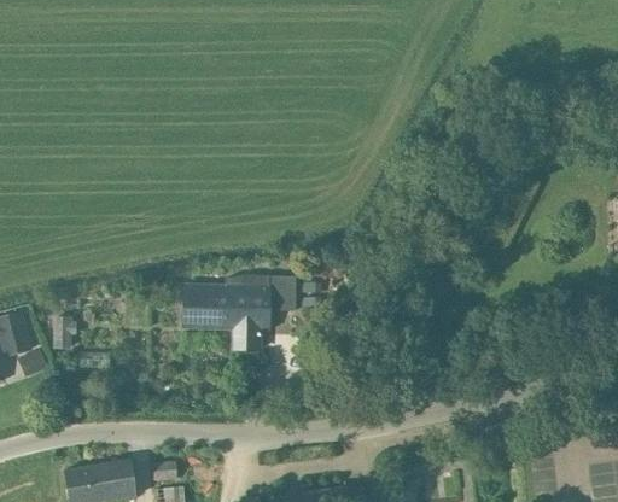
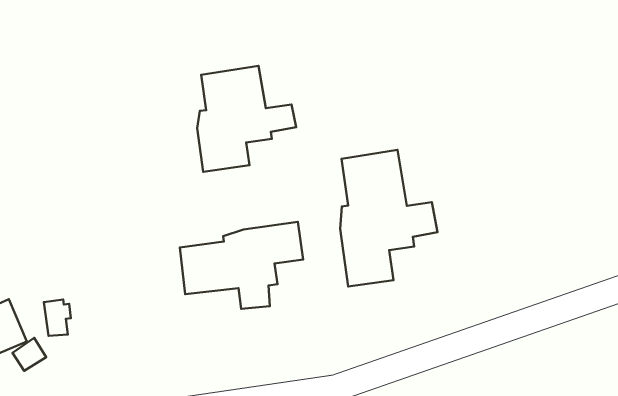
building: none -> [197,66,296,172]
building: none -> [340,150,438,286]

